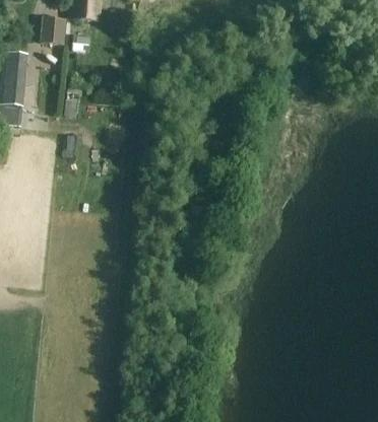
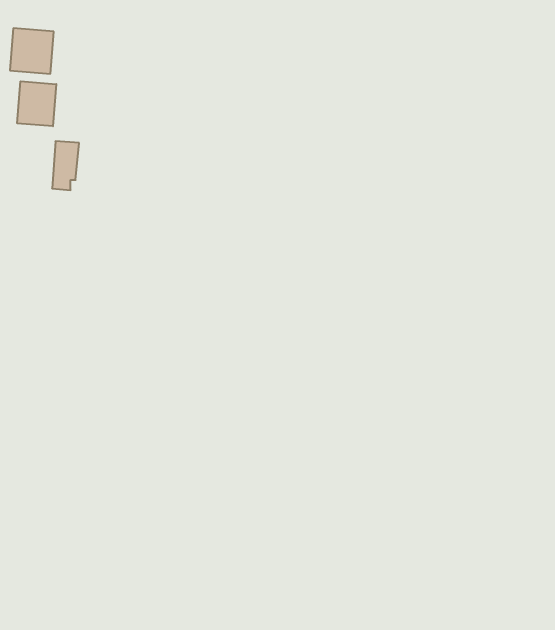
building: none -> [17,81,56,126]

